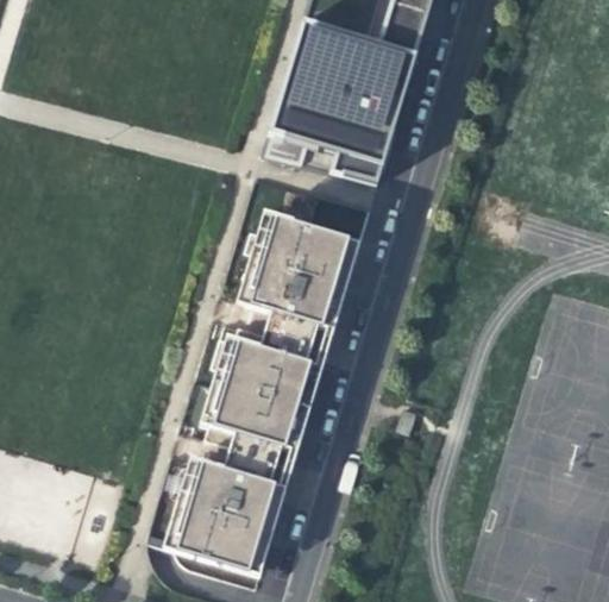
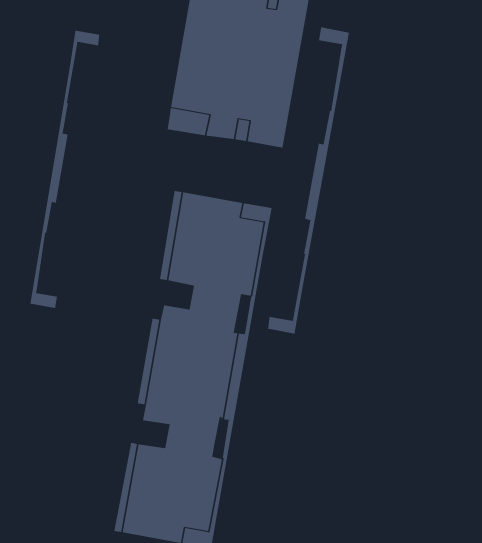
building: none -> [30,30,100,309]
building: none -> [267,27,349,334]

